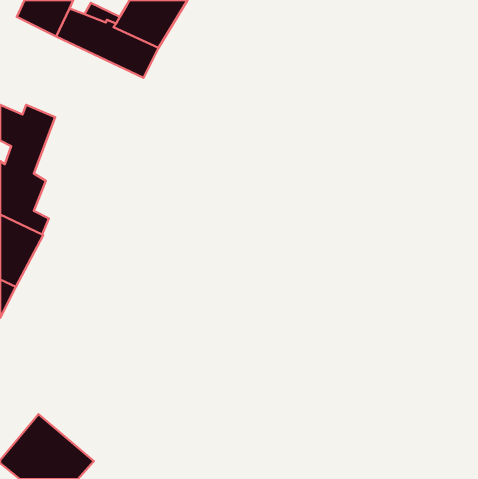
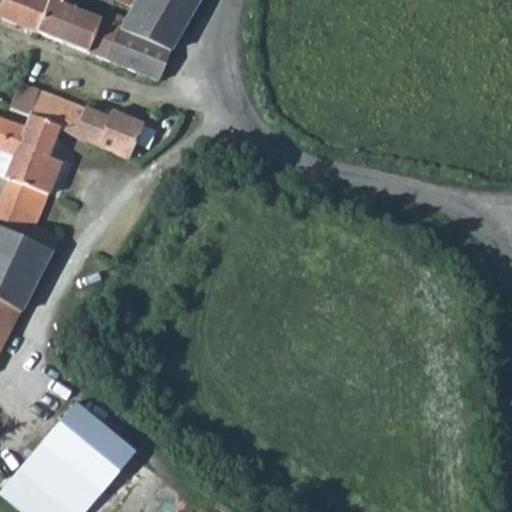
building: none -> [14,68,143,157]
building: none -> [42,403,134,492]

